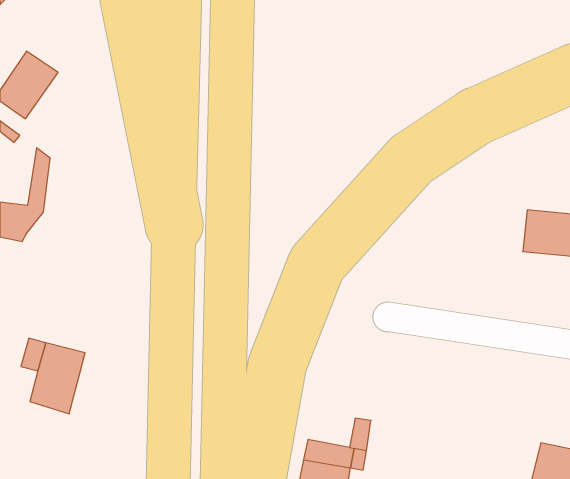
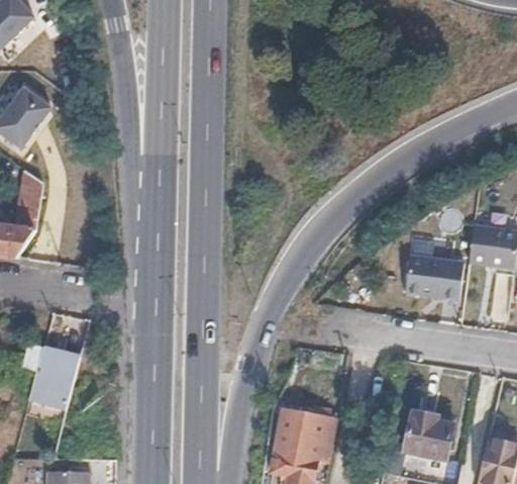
building: none -> [406,261,463,302]
building: none -> [277,409,319,442]
building: none -> [404,411,452,460]

